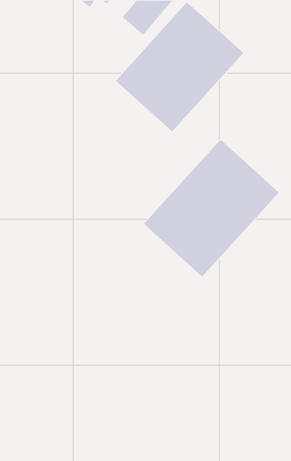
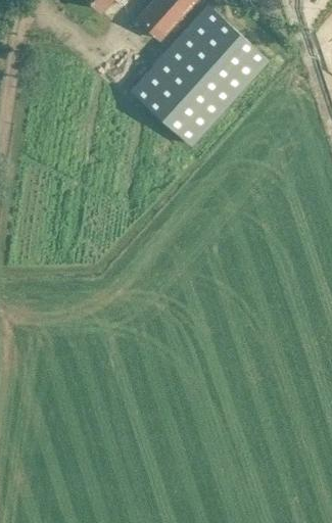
building: [143,139,280,278] -> none

